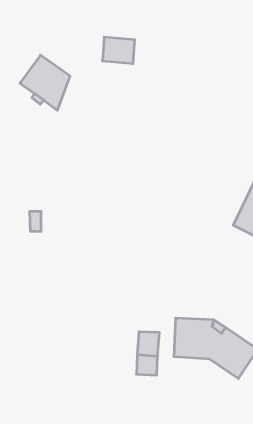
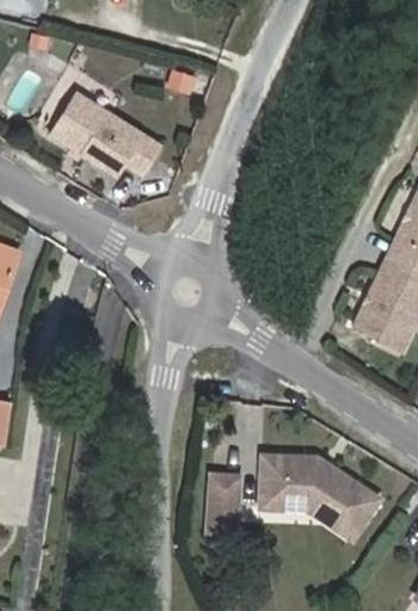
building: none -> [100,117,158,172]

